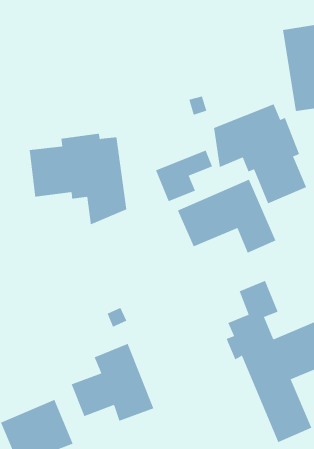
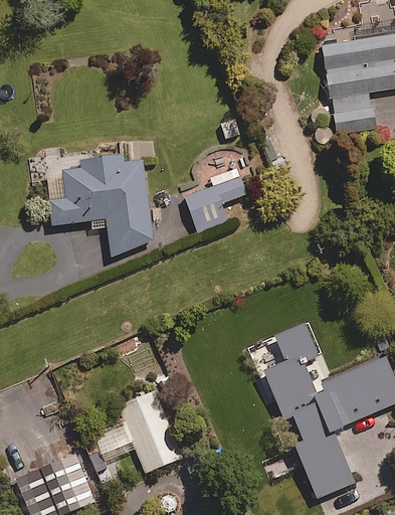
building: [213,103,307,204] -> none
building: [177,179,276,254] -> none

